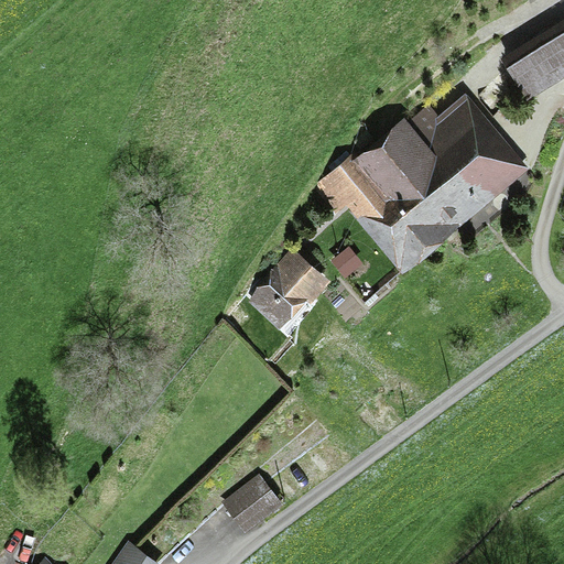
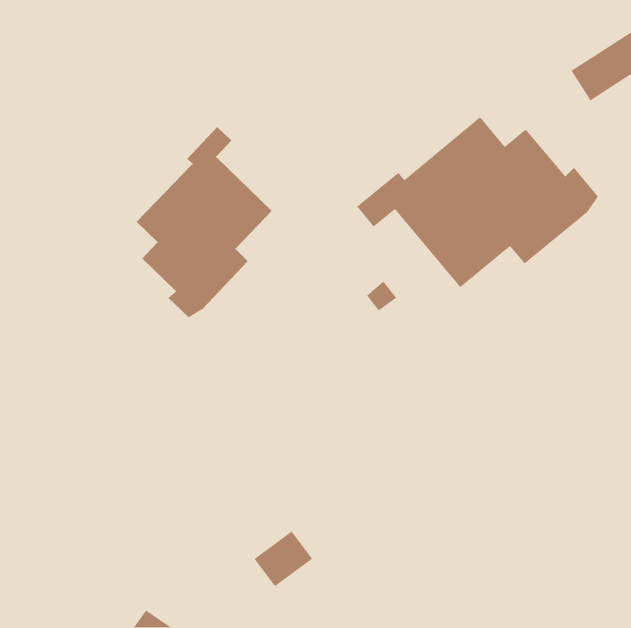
building: none -> [136,126,273,318]
building: [253,254,321,319] -> none

